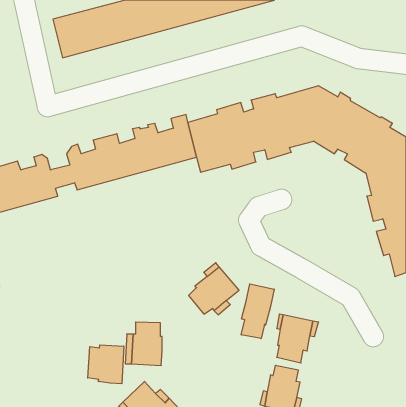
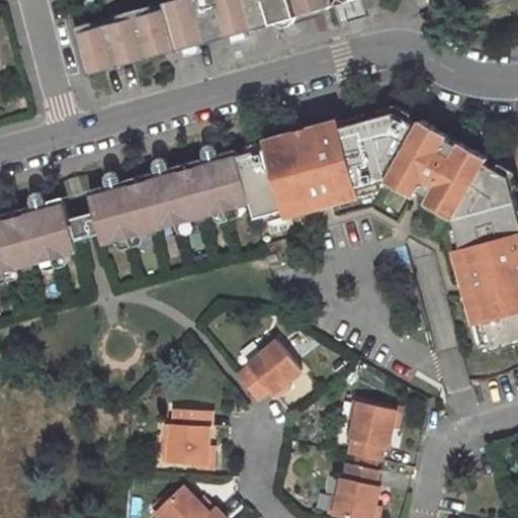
building: [241,284,274,339] -> none
building: [88,345,124,384] -> none

